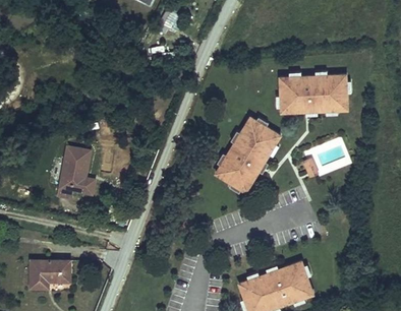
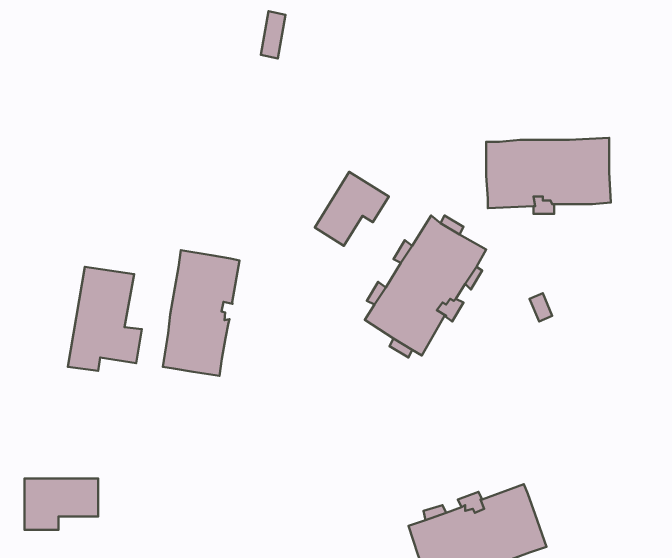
building: none -> [315,172,389,246]
building: none -> [163,250,239,376]

